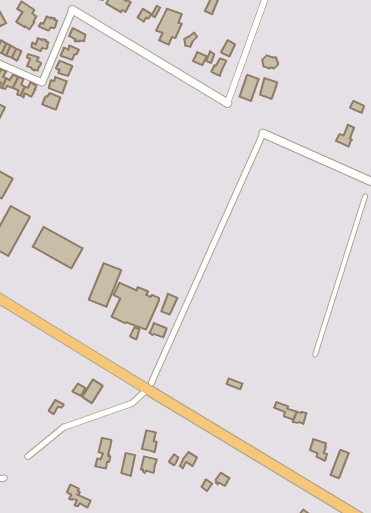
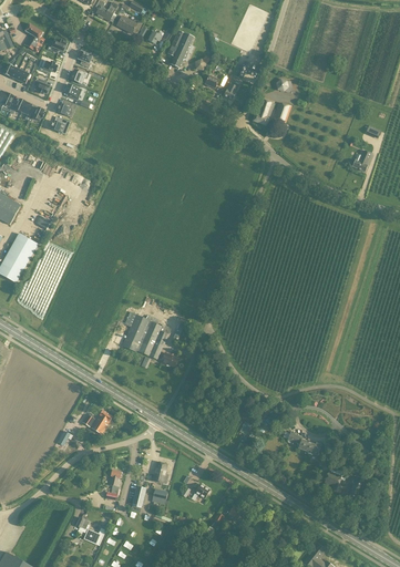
building: [33,227,83,268] -> none
building: [89,263,121,307] -> none

